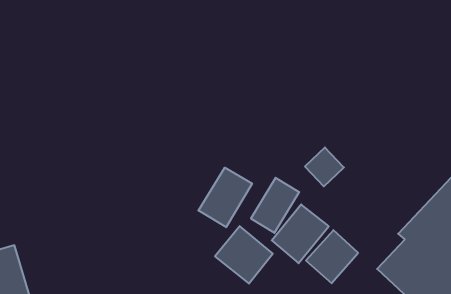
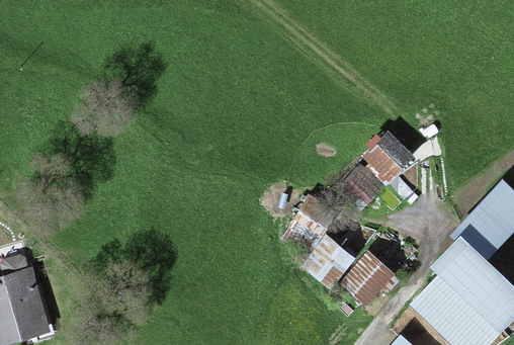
building: none -> [364,130,413,178]
building: [198,168,252,227] -> none
building: [215,226,273,284] -> none

